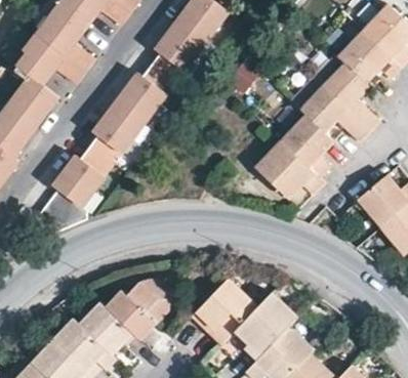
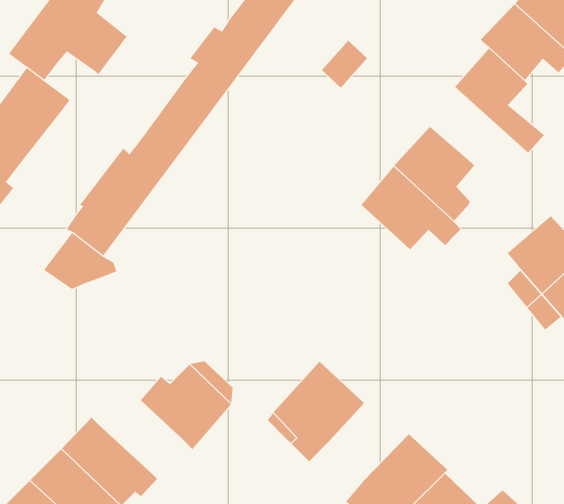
building: [297,91,367,146] -> none
building: [233,291,296,359] -> none
building: [76,297,133,352] -> none

